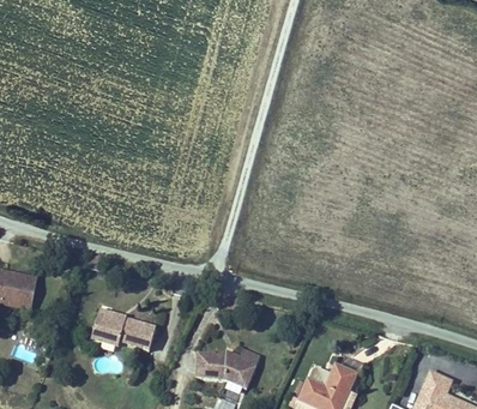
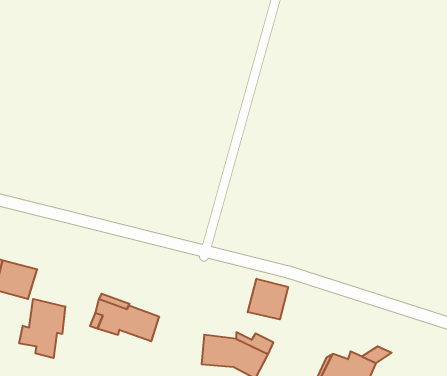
building: none -> [248,279,288,319]
building: none -> [19,299,65,358]

